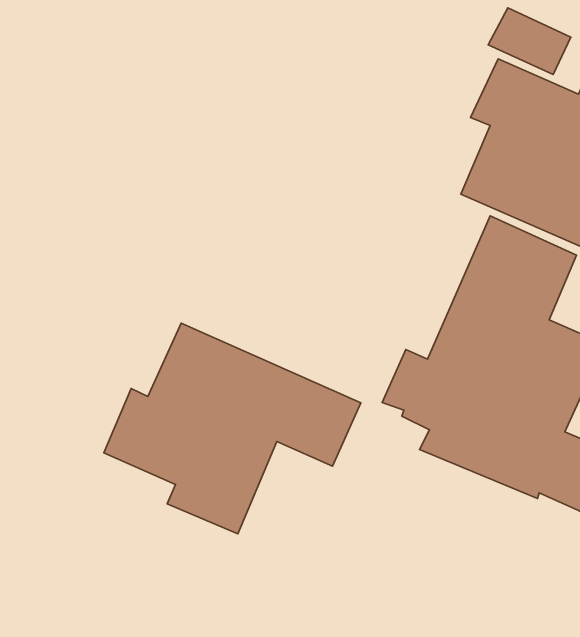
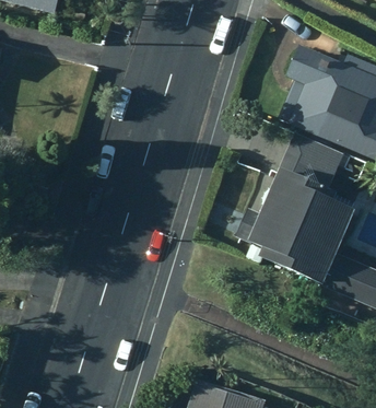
building: [104,323,361,534] -> none

